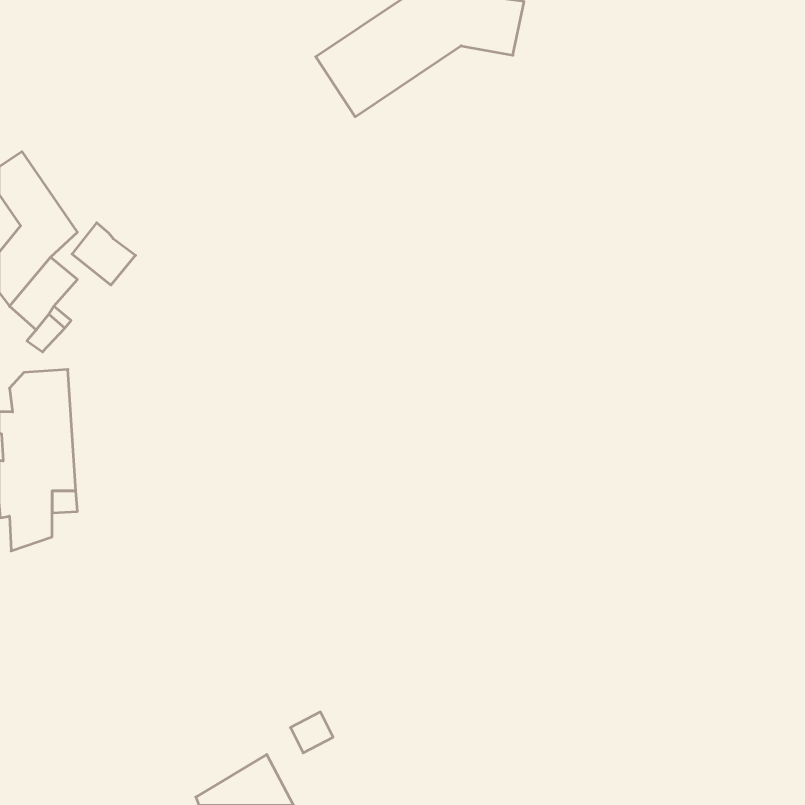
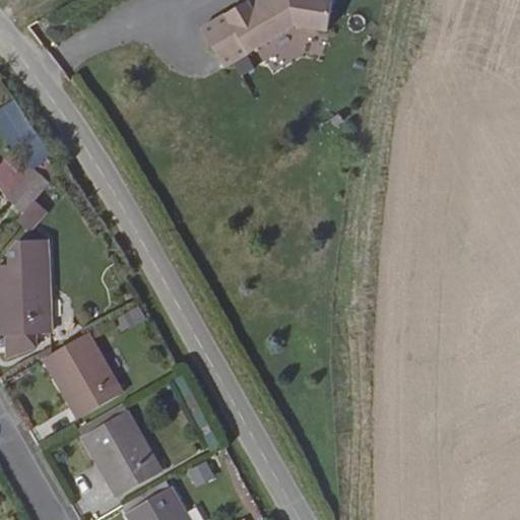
building: [72,223,136,285] -> none
building: none -> [40,332,121,424]
building: none -> [80,409,164,498]

